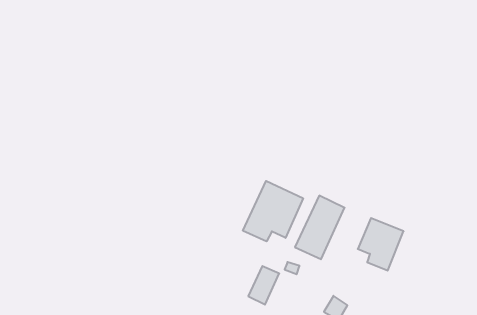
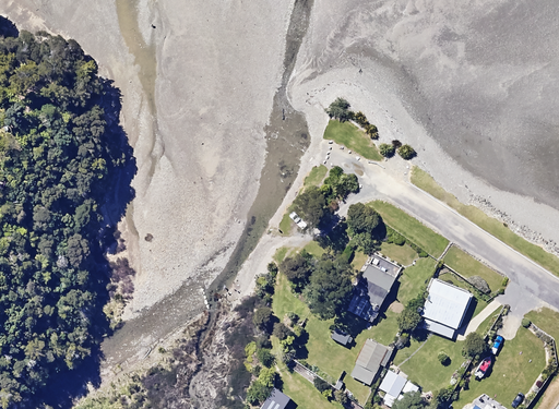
building: [243,181,303,241] -> none
building: [248,266,279,305] -> [350,339,386,384]

